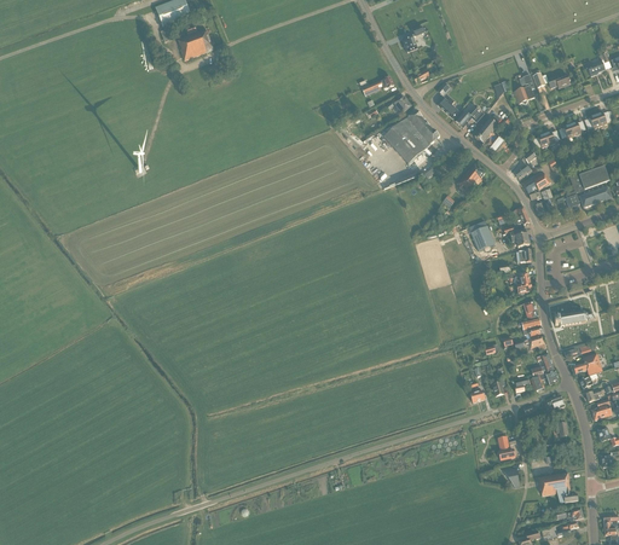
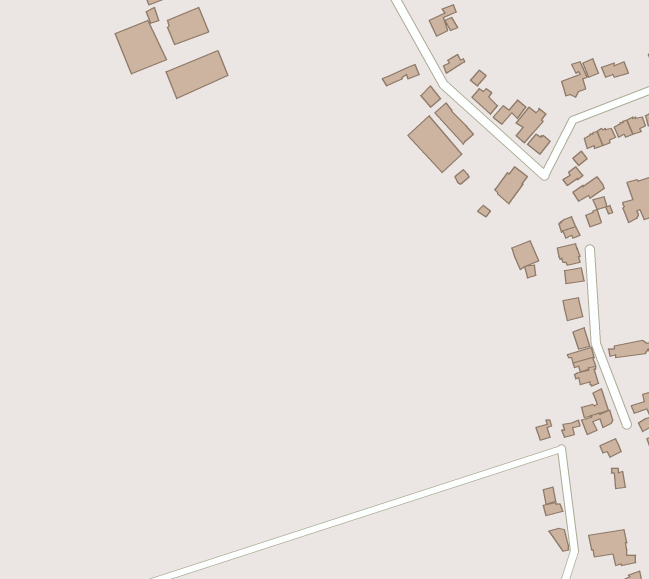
building: none -> [115,20,167,74]
building: none -> [166,51,228,99]

